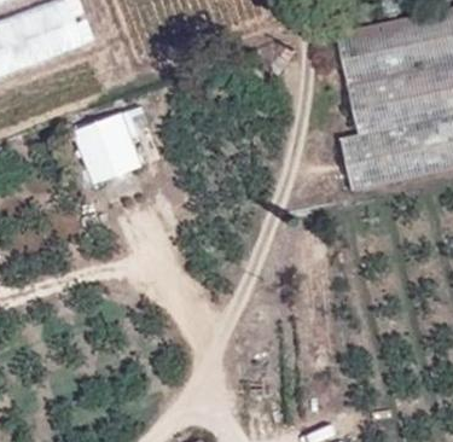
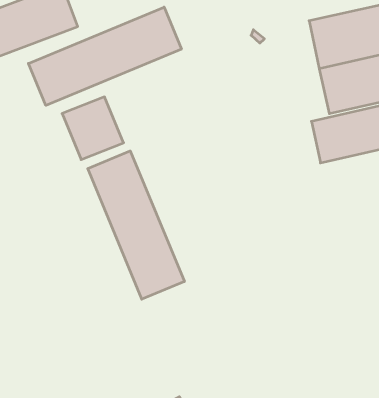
building: none -> [28,7,181,105]
building: none -> [88,151,184,299]

